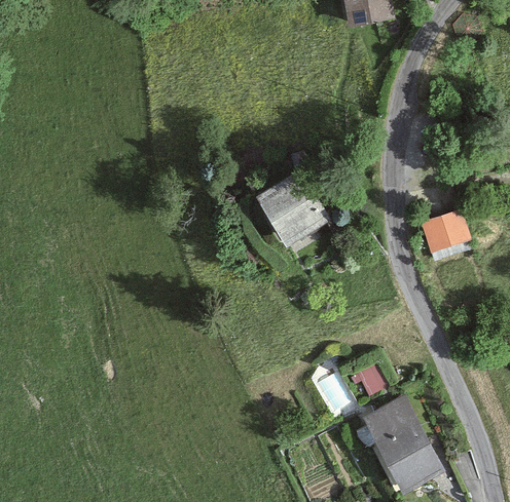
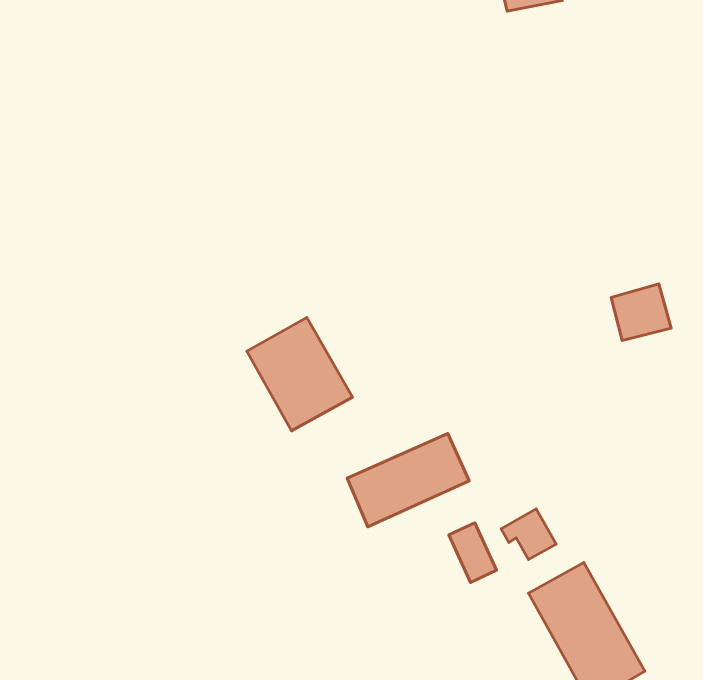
building: [260,168,331,244] -> [247,318,353,431]
building: none -> [347,433,469,527]

